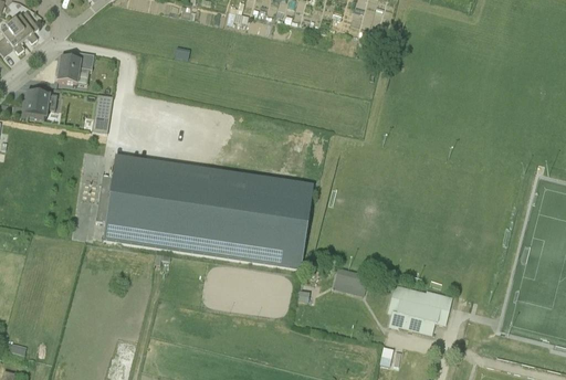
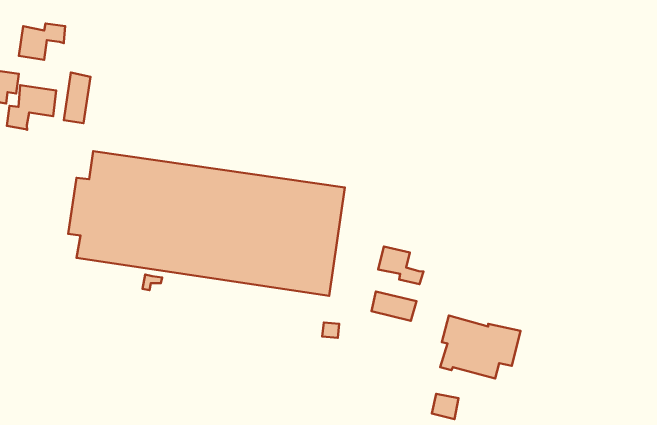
building: none -> [7,85,56,130]
building: none -> [378,247,423,284]

